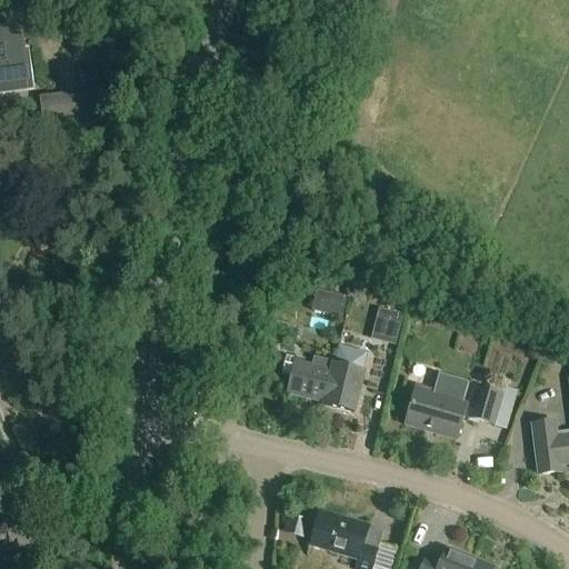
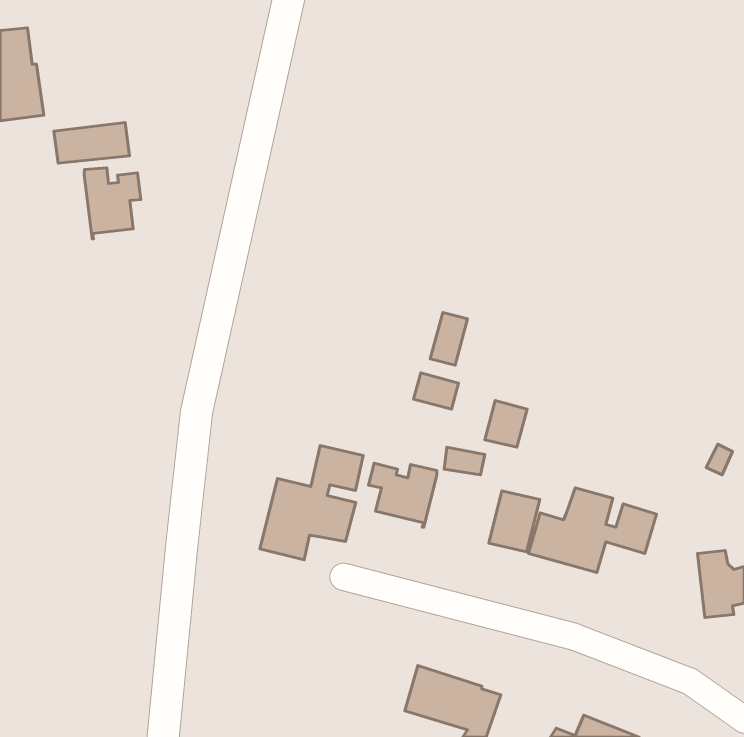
building: none -> [84,168,141,239]
building: none -> [430,313,468,365]
building: none -> [260,446,363,560]
building: [323,362,362,409] -> [489,491,540,552]

